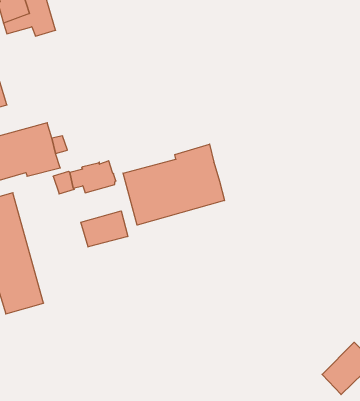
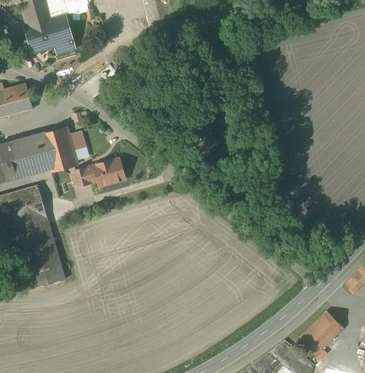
building: [123,144,224,225] -> none
building: [81,211,128,247] -> none

